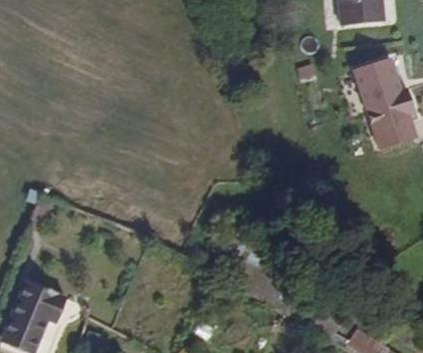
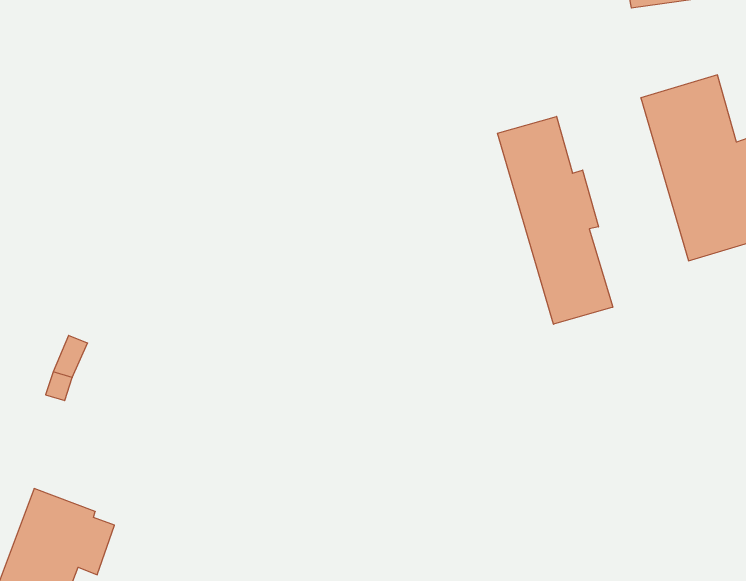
building: none -> [497,116,613,324]

